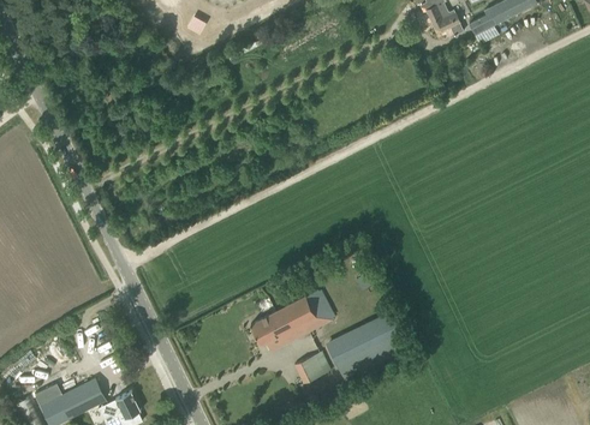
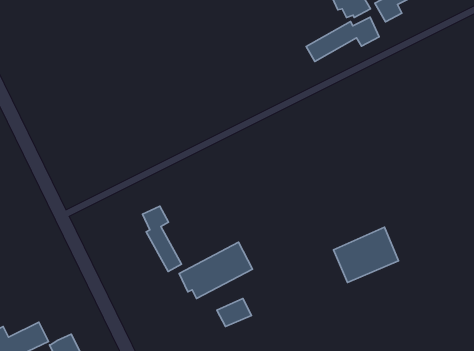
building: none -> [306,17,379,61]
building: none -> [142,206,181,272]
building: [324,315,397,376] -> [334,227,398,282]

